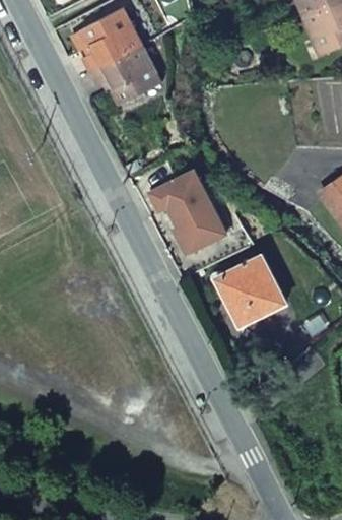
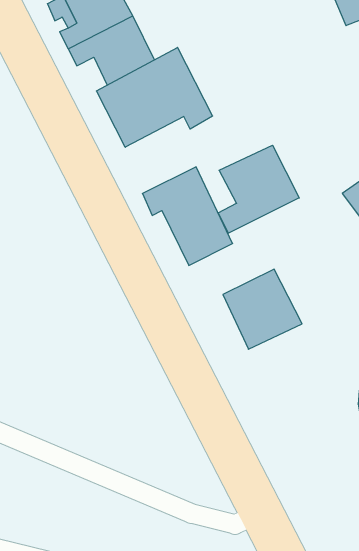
building: none -> [96,47,213,147]
building: none -> [218,145,299,233]

